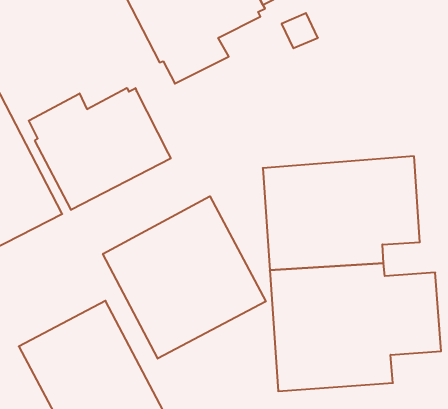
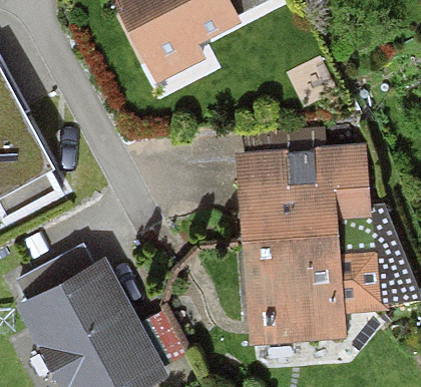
building: [29,88,171,210] -> none
building: [103,196,266,359] -> none

